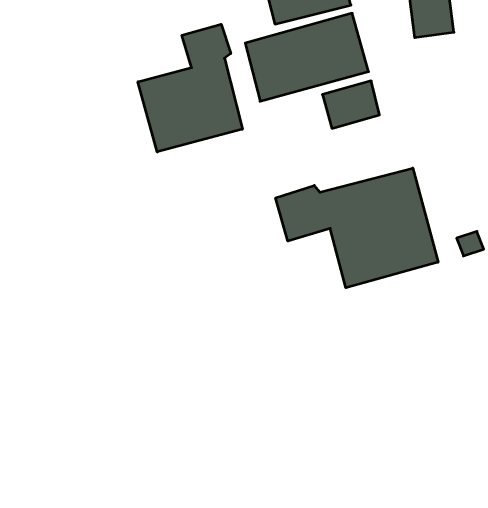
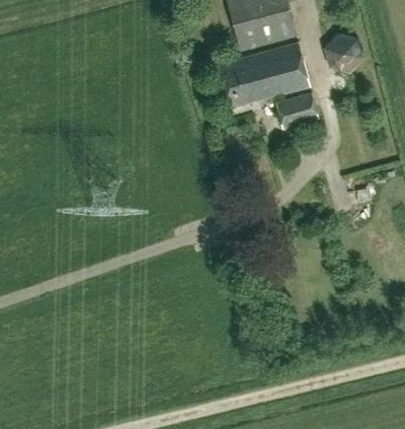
building: [138,24,242,152] -> none
building: [276,168,438,288] -> none

